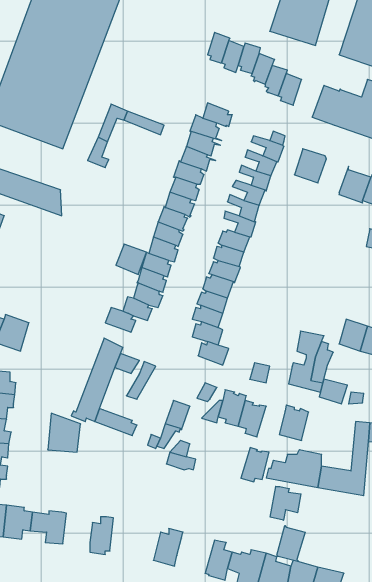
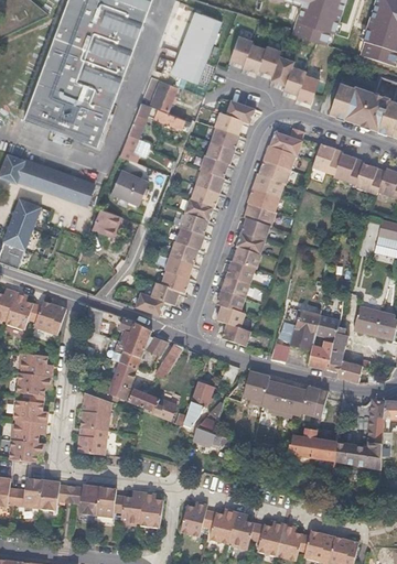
building: none -> [171,11,223,82]
building: none -> [148,78,178,109]
building: none -> [334,154,364,185]
building: none -> [111,171,148,204]
building: [116,244,146,275] -> [92,208,120,237]
building: none -> [279,311,319,348]
building: [241,448,269,482] -> [278,386,304,417]
building: none -> [79,426,109,453]
building: [270,486,301,520] -> none
building: none -> [96,486,124,517]
building: none -> [140,490,162,525]
building: [277,526,305,562] -> none
building: none -> [203,508,238,542]

